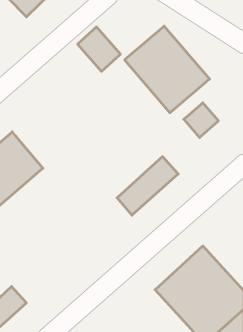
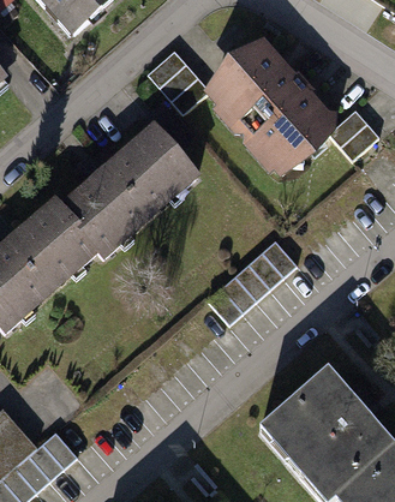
building: none -> [56,124,198,257]
building: [184,103,218,138] -> [330,104,381,155]

